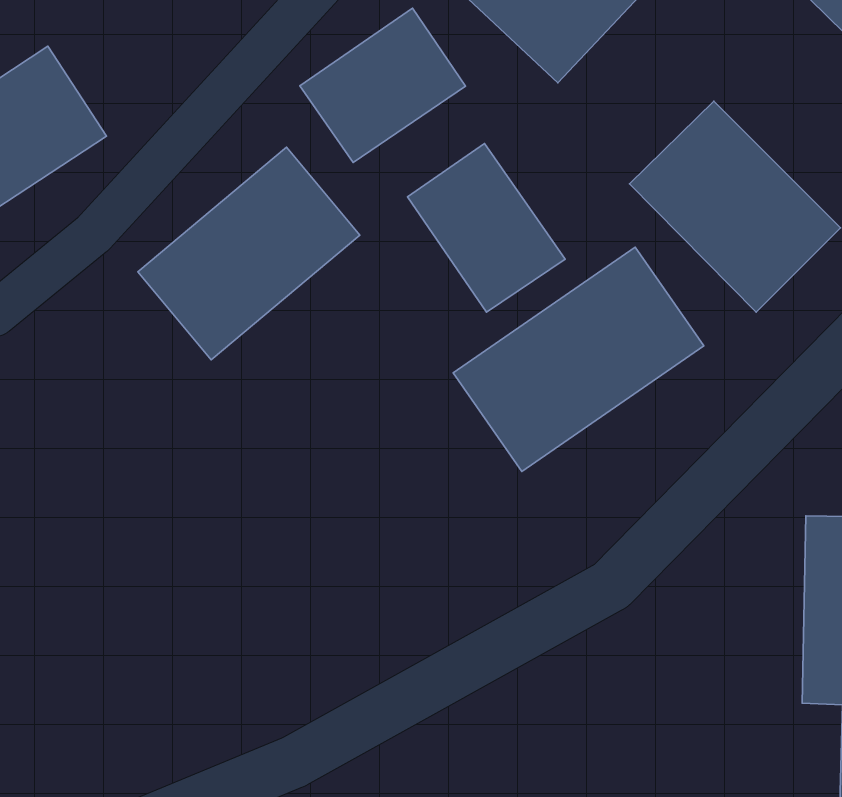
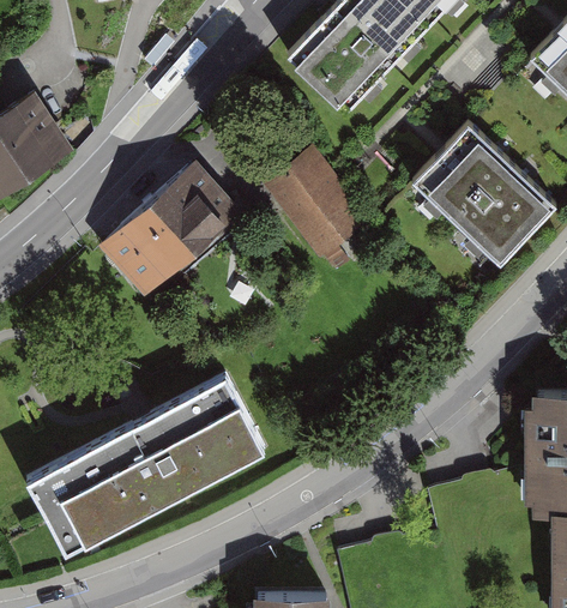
building: [300,8,466,163] -> none
building: [453,247,704,472] -> none
building: none -> [29,373,271,554]

